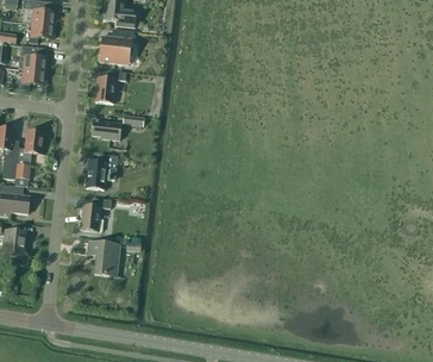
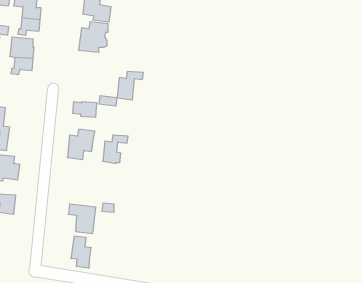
building: [94,70,125,104] -> [117,72,143,100]
building: [13,130,42,186] -> none
building: [80,198,109,231] -> [103,135,128,163]
building: none -> [71,236,91,268]

